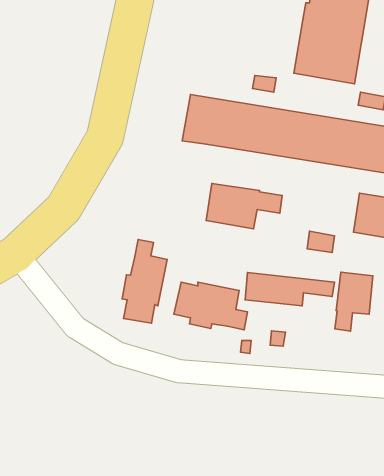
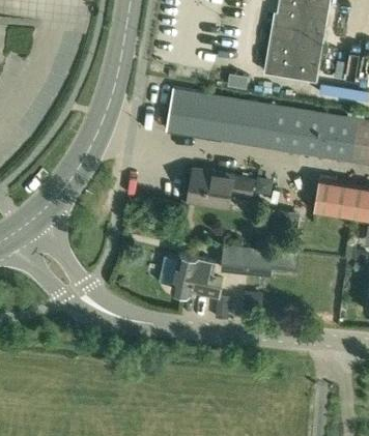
building: [122,239,167,323] -> none
building: [335,272,373,331] -> none

